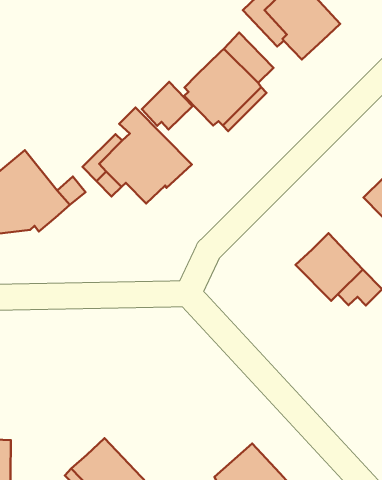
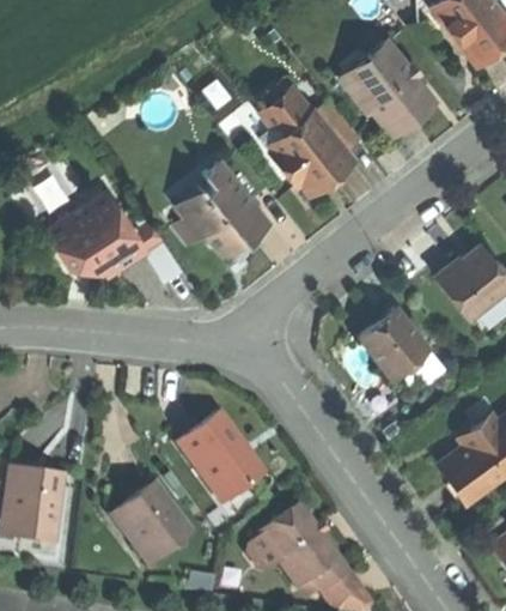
building: [142,82,193,129] -> [261,89,311,135]
building: none -> [177,411,262,501]

